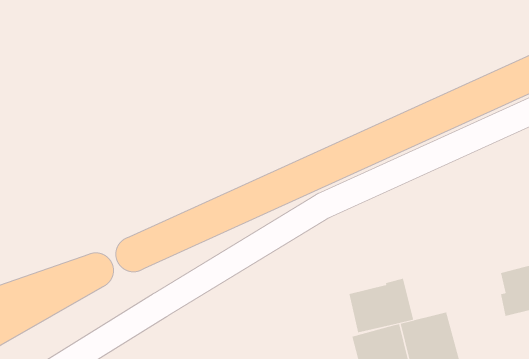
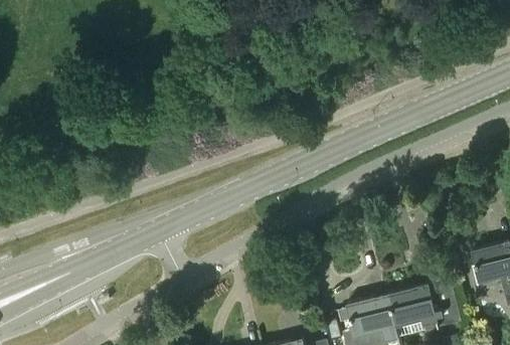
building: [349,278,414,333] -> none

